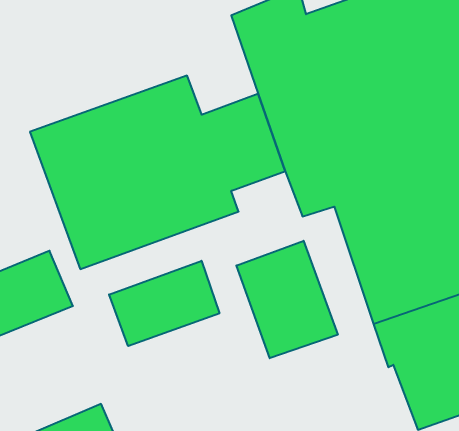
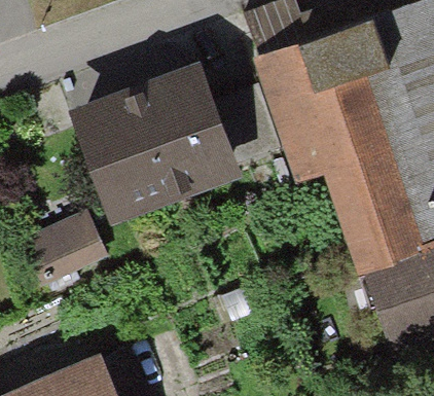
building: [236,241,338,358] -> none
building: [109,261,219,346] -> none

